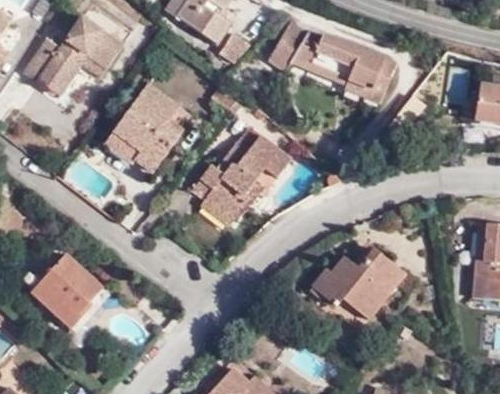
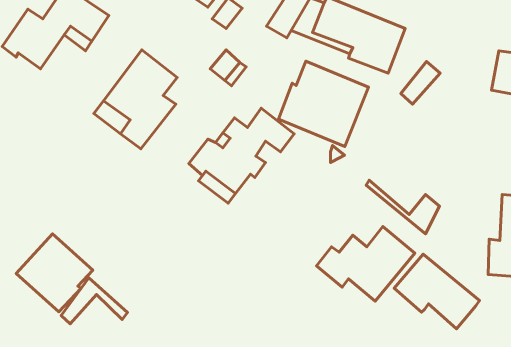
building: none -> [279,61,368,147]
building: none -> [366,180,439,234]
building: none -> [394,254,480,329]
building: none -> [61,278,128,324]

